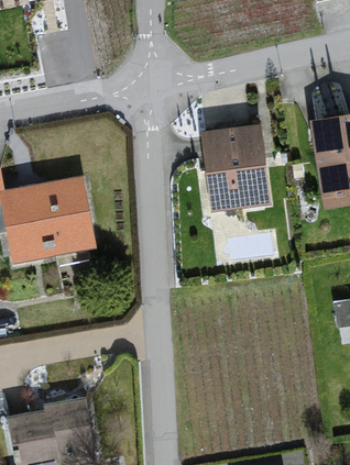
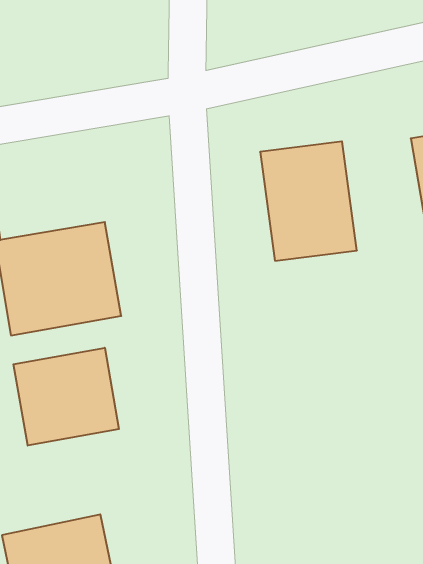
building: none -> [13,348,119,446]

